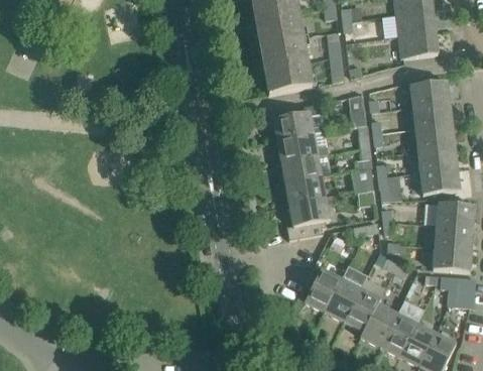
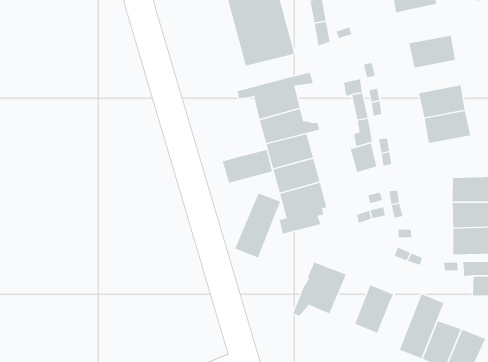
building: [412,103,452,128] -> none
building: none -> [222,149,273,184]
building: [419,168,459,195] -> none
building: [324,265,367,322] -> [234,193,281,259]
building: [360,303,396,347] -> none

